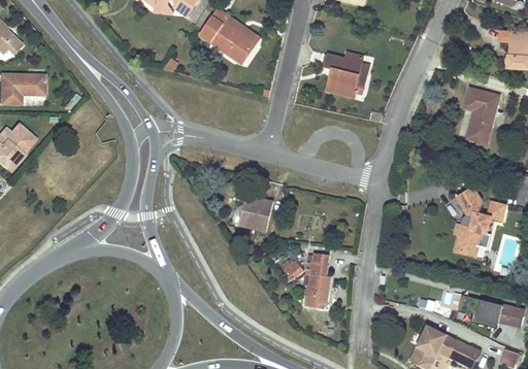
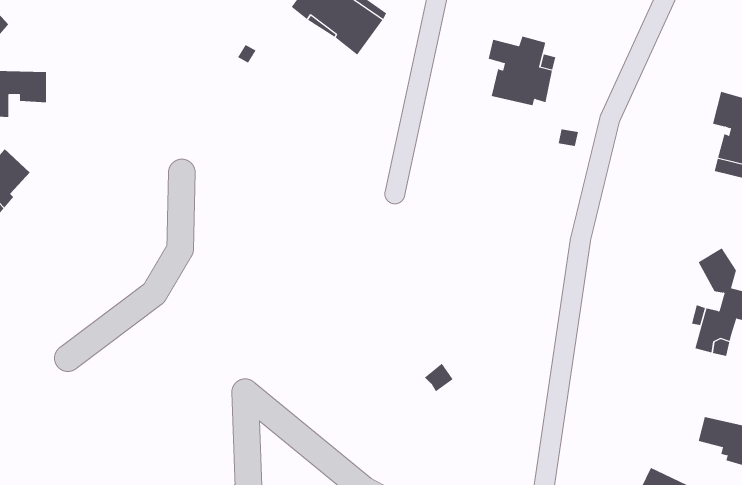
building: [238,196,272,232] -> none
building: [305,253,330,307] -> none

